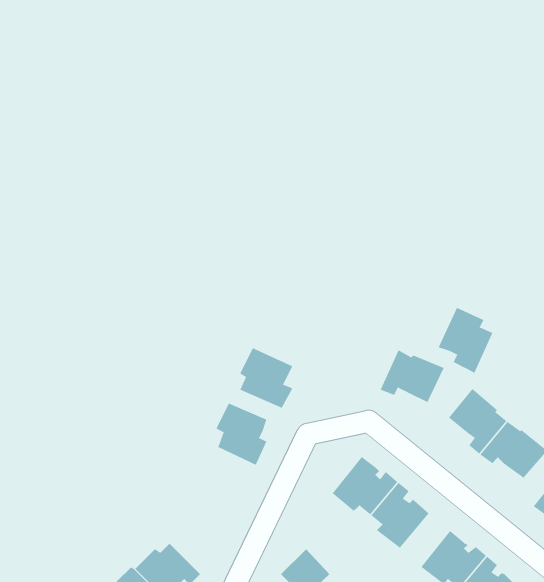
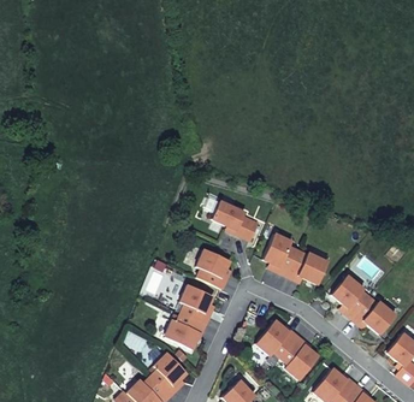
building: none -> [212,201,260,240]
building: [438,307,493,373] -> [262,232,298,276]
building: none -> [165,313,206,349]
building: none -> [149,351,187,396]

